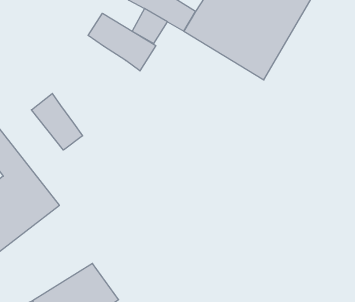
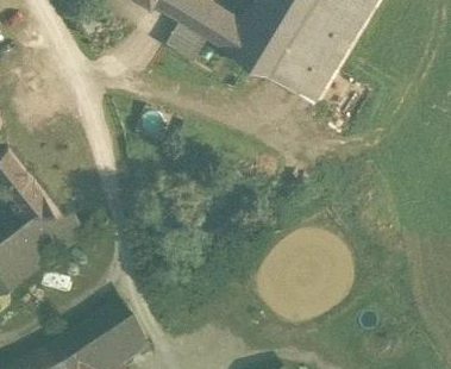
building: [88,13,156,71] -> none
building: [31,93,83,150] -> none

